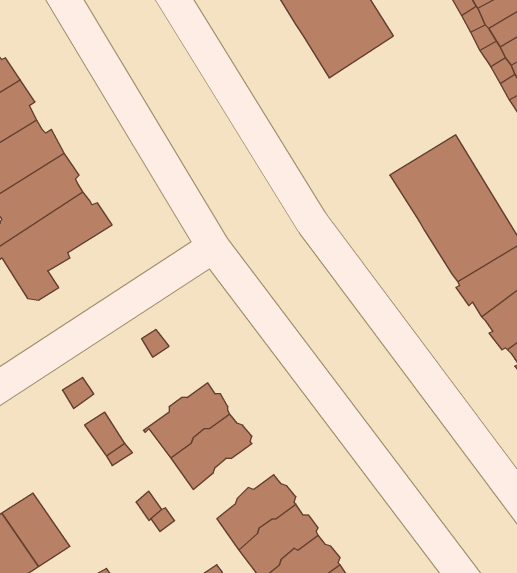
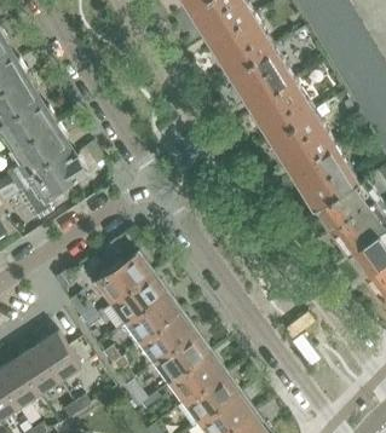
building: none -> [231,46,315,138]
building: none -> [93,255,151,306]
building: none -> [142,314,195,364]
building: none -> [36,333,81,382]

